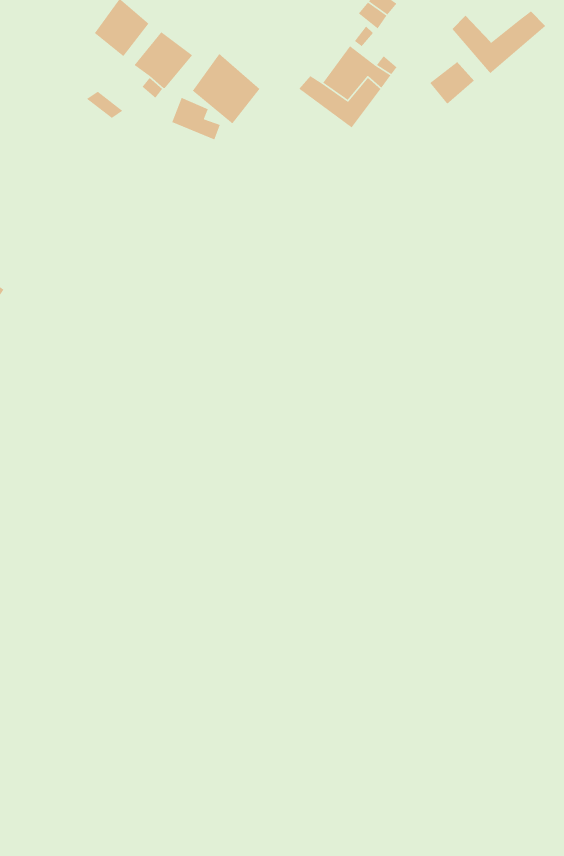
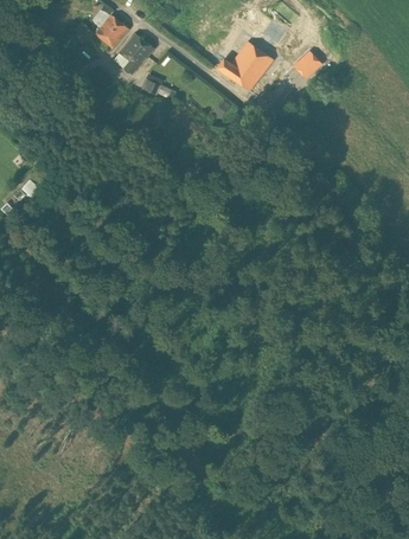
building: [451,11,546,74] -> none
building: [192,53,260,124] -> none

